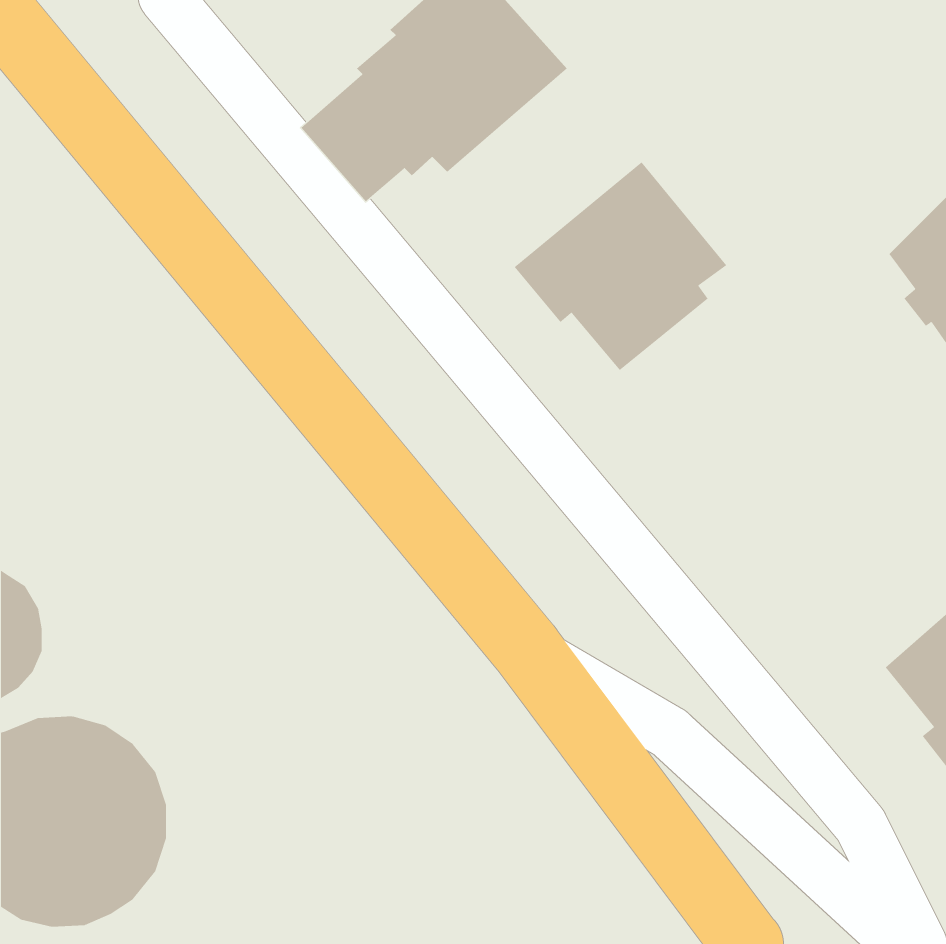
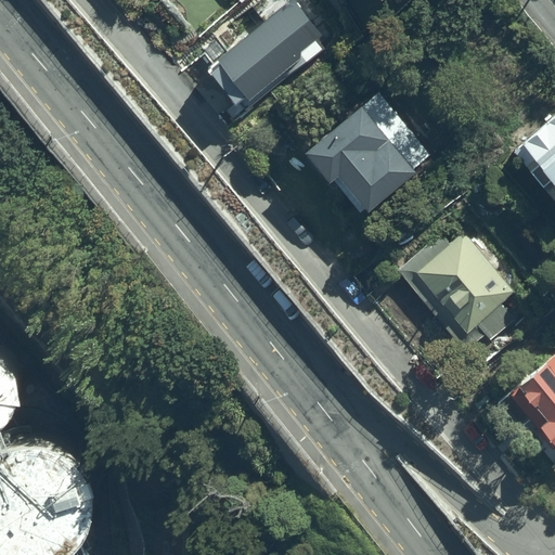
building: none -> [397,222,525,350]

